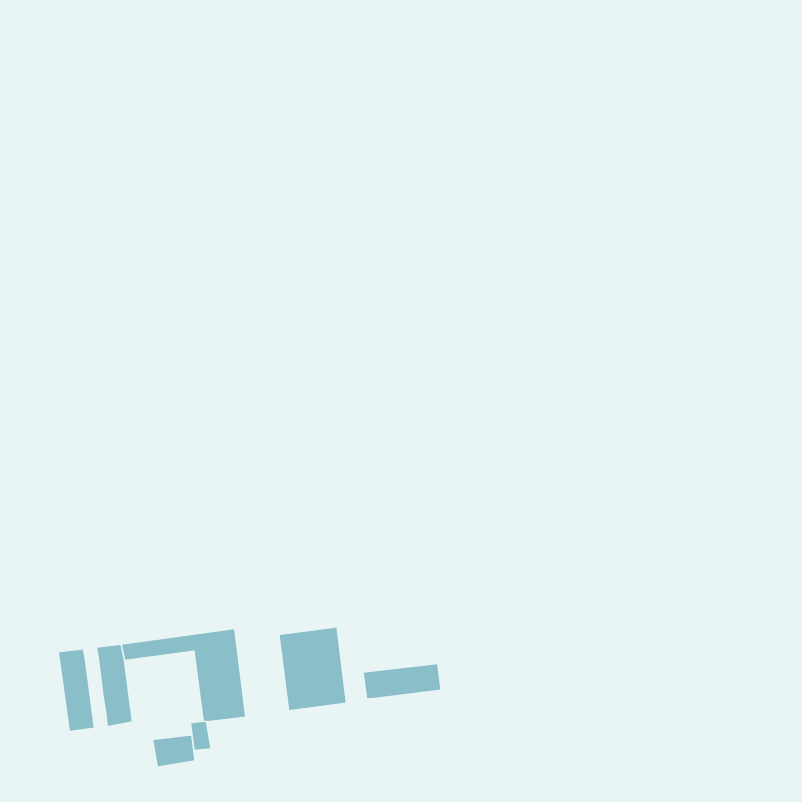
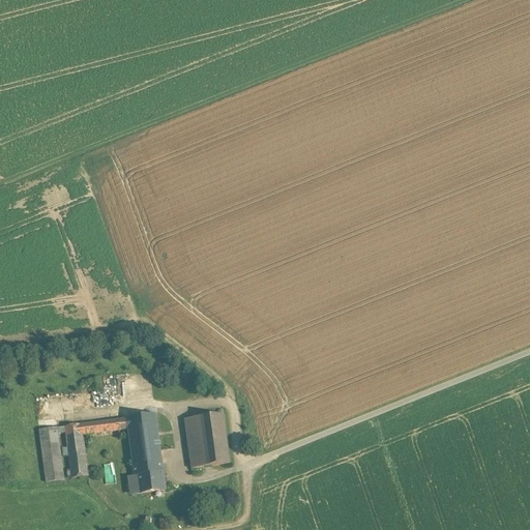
building: [363,663,441,699] -> none
building: [153,735,195,767] -> [136,471,164,492]

